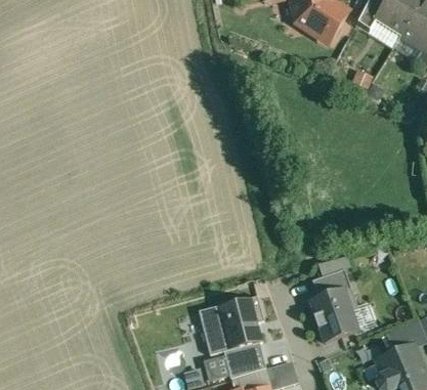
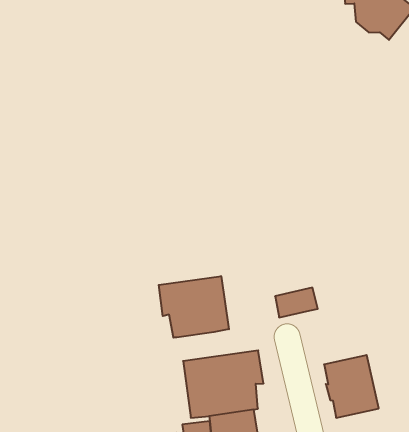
building: none -> [159,276,229,338]
building: [314,271,349,298] -> [275,288,318,317]

